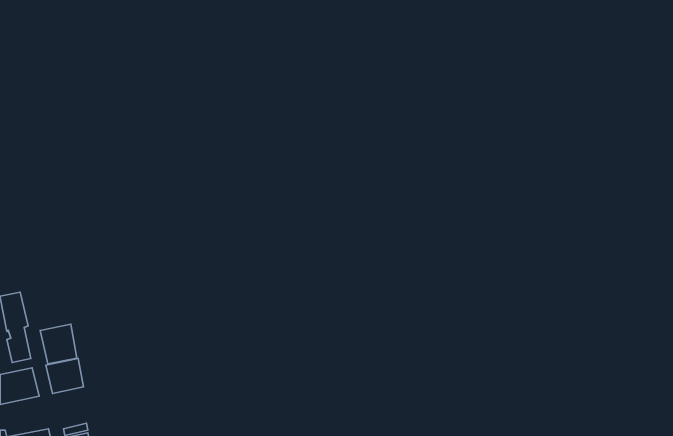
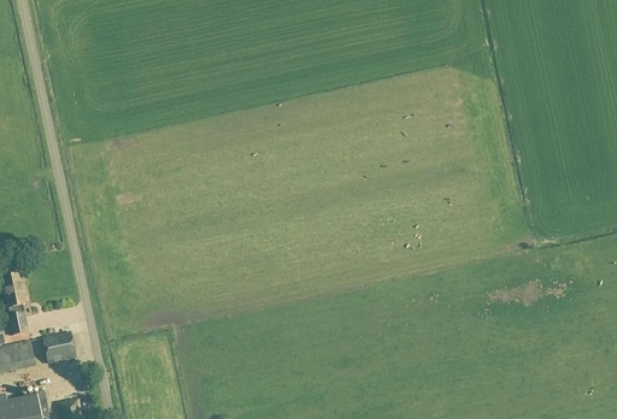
building: [40,324,77,364] -> none

